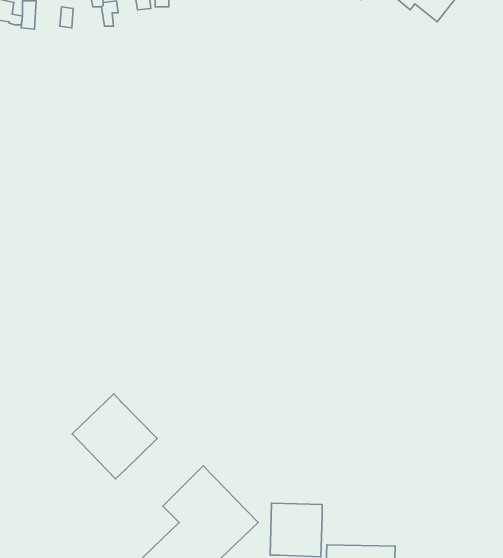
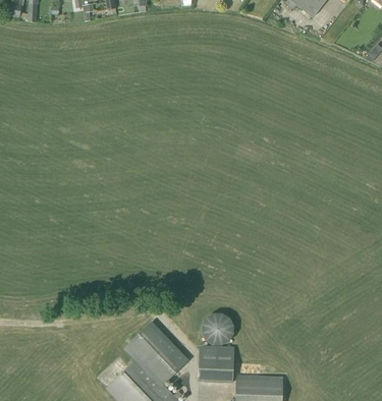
building: [72,394,157,479] -> none
building: none -> [202,312,234,345]

